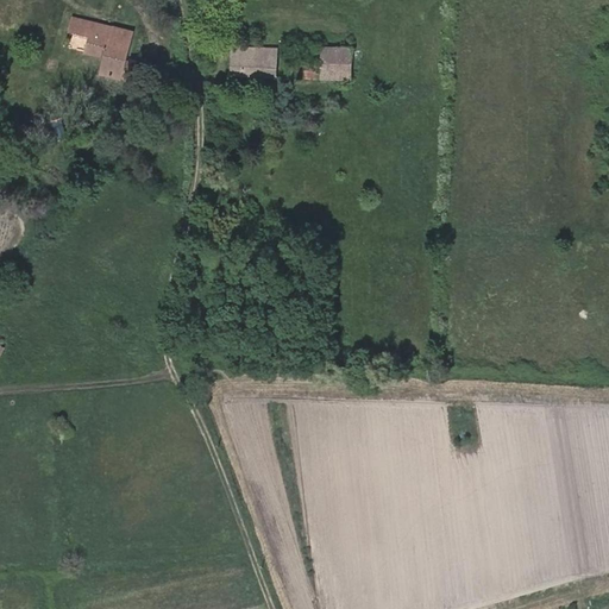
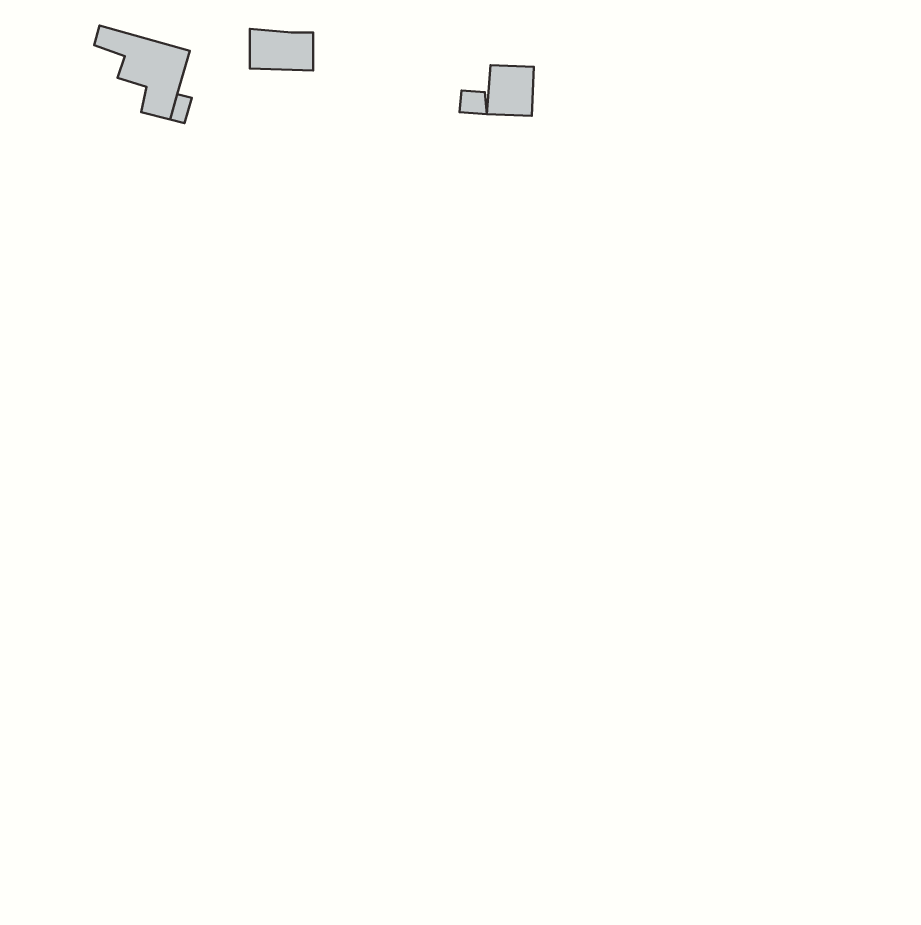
building: [236,45,277,73] -> [250,29,313,70]

